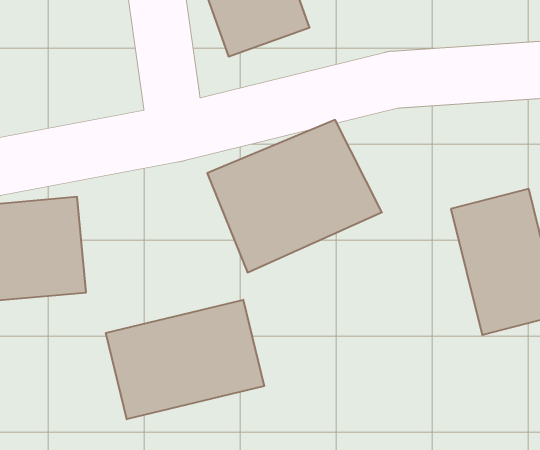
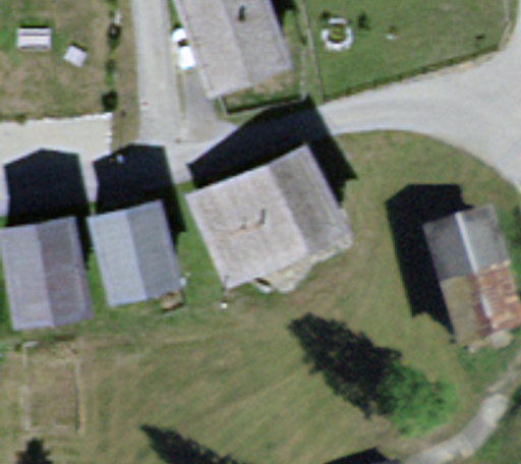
building: none -> [88,198,182,300]
building: [106,300,264,419] -> none

